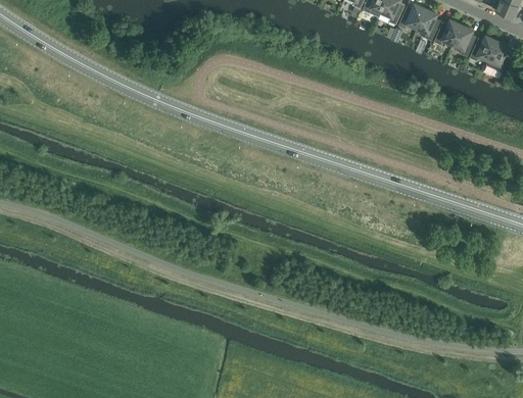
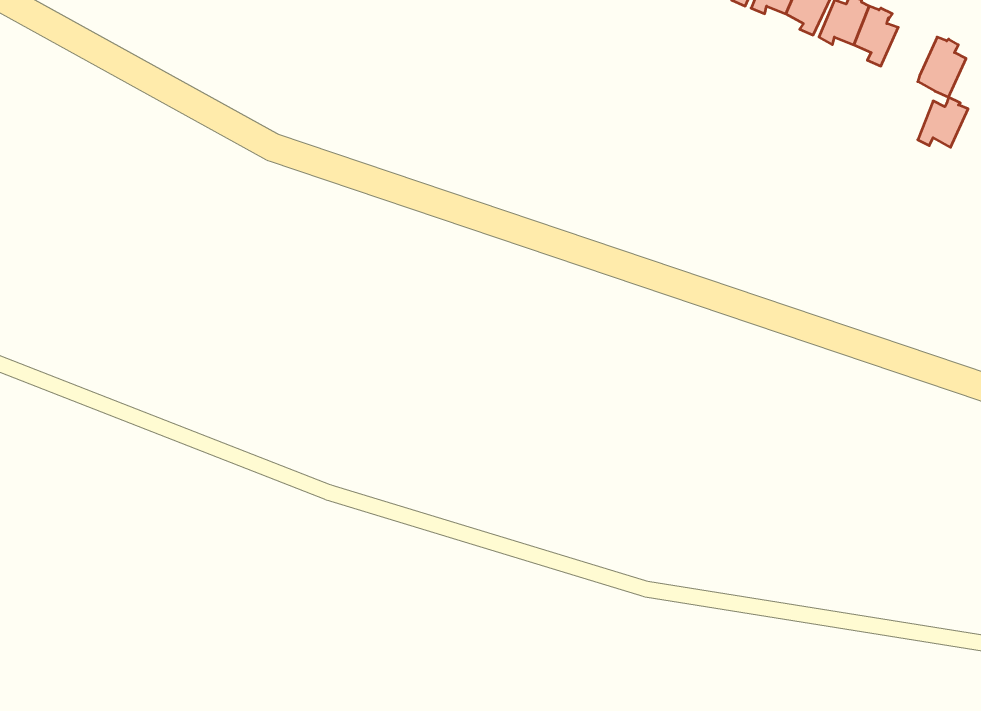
building: [469,34,495,60] -> [918,97,968,147]

